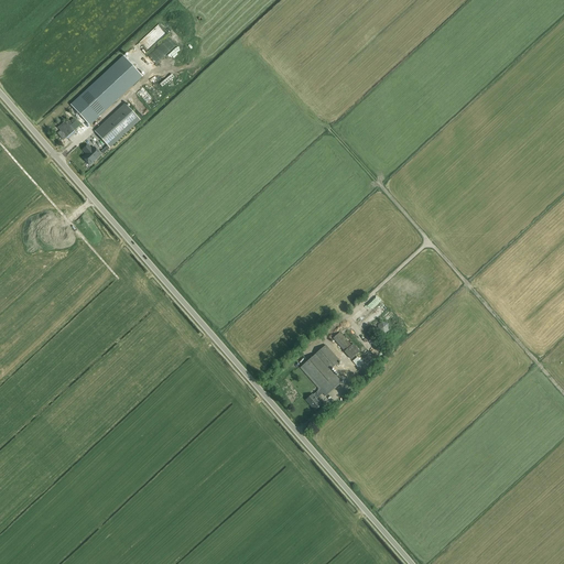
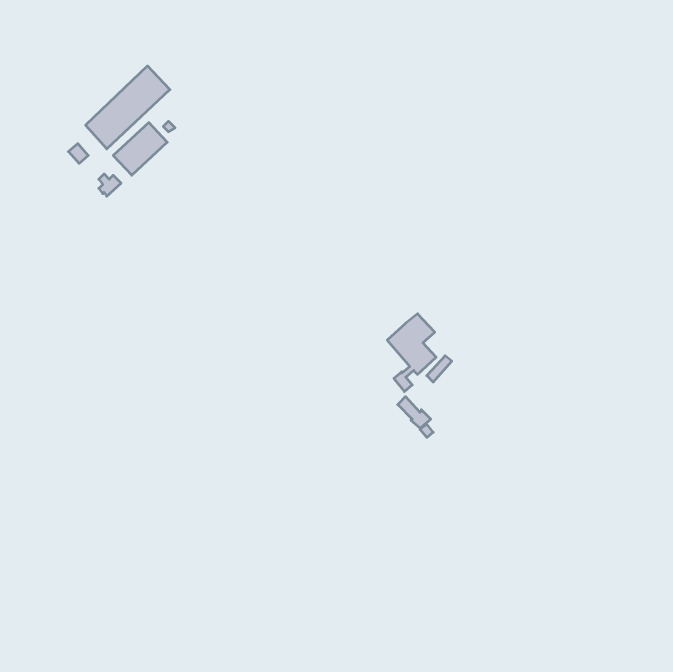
building: [301,345,341,410] -> [387,314,436,392]

